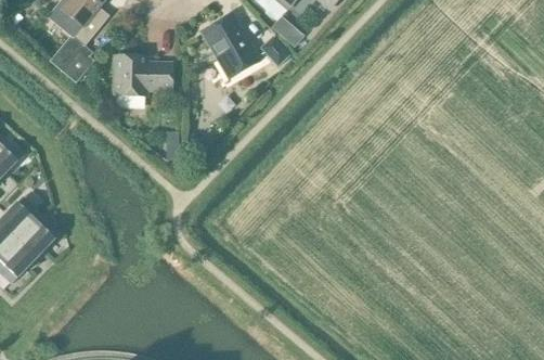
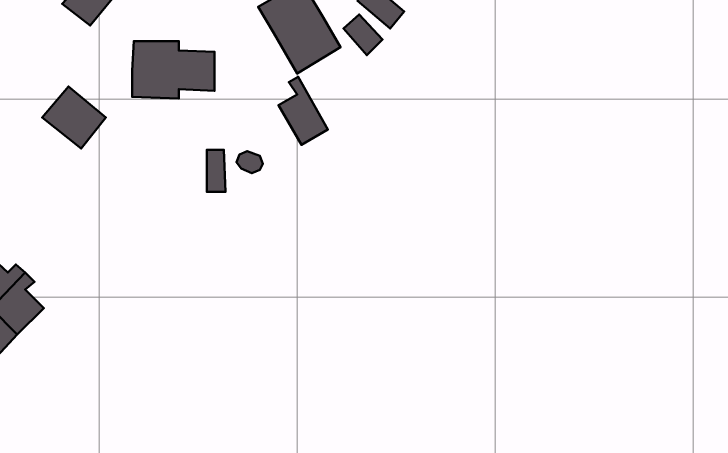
building: [49,39,93,82] -> [42,86,106,149]
building: none -> [278,77,328,145]

